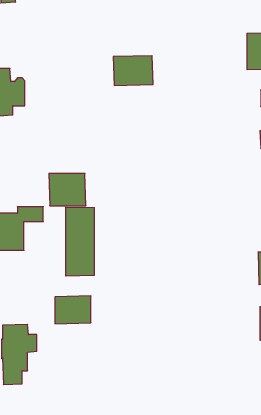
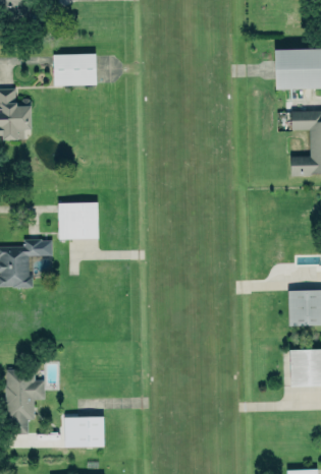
building: [113,56,153,85] -> [53,53,97,85]
building: [66,207,94,276] -> none
building: [55,296,91,324] -> [64,416,104,447]

